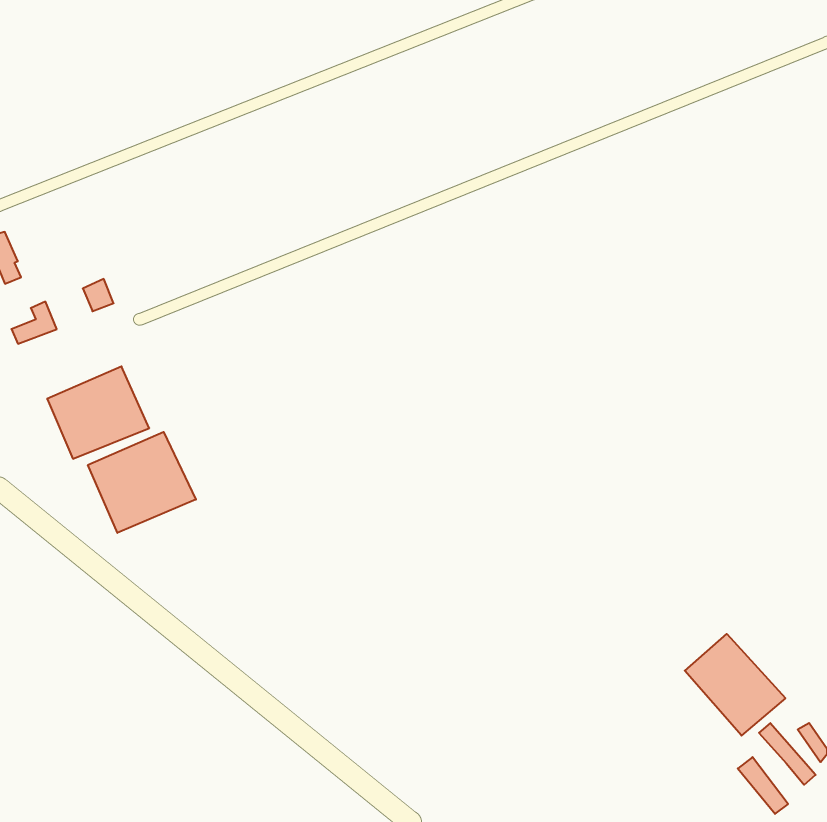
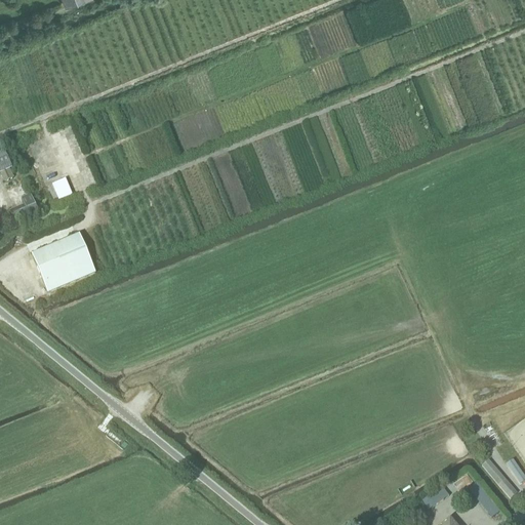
building: [88,432,196,533] -> none
building: [685,634,785,736] -> none

